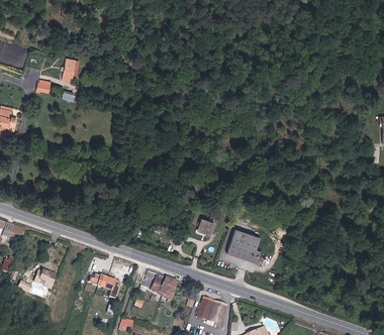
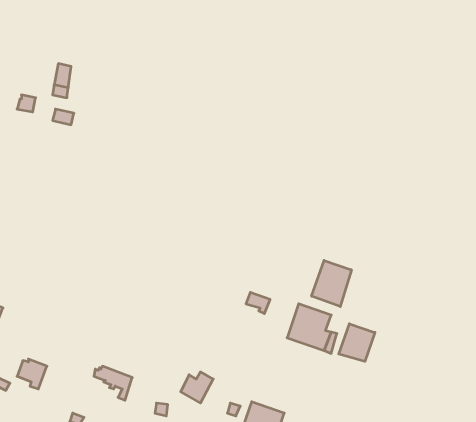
building: none -> [312,260,351,307]
building: none -> [339,324,375,361]

